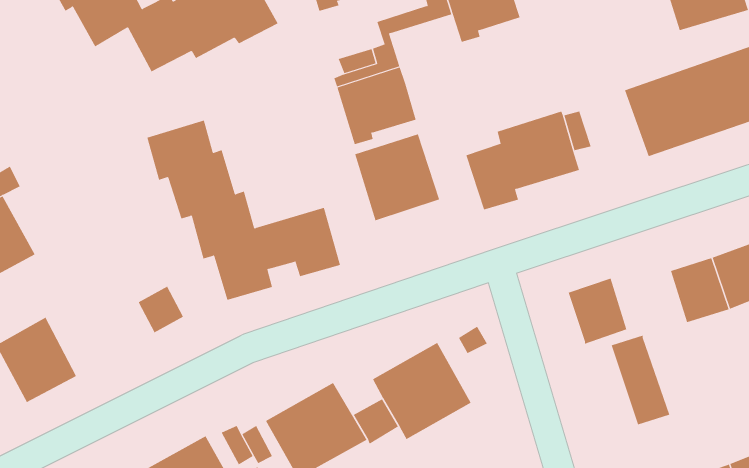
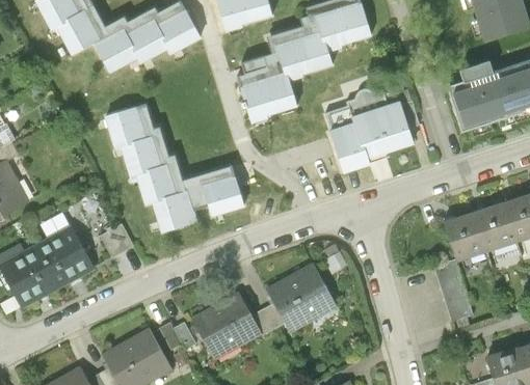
building: none -> [277,33,332,82]
building: [355,134,440,221] -> none
building: [568,278,627,344] -> [444,213,485,259]
building: none -> [36,226,94,286]

